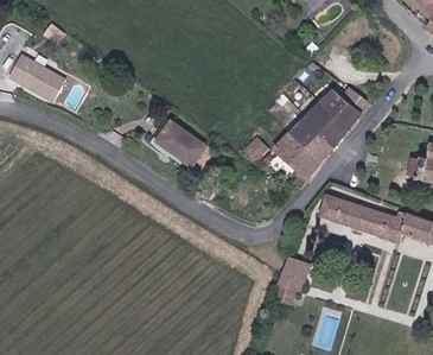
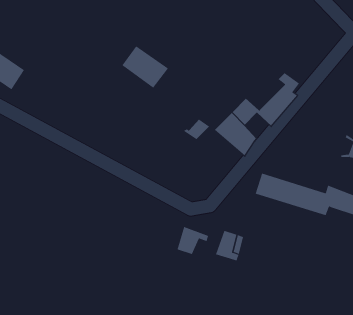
building: [308,89,350,127] -> none
building: [155,118,206,164] -> [122,45,169,88]
building: none -> [177,226,209,255]

